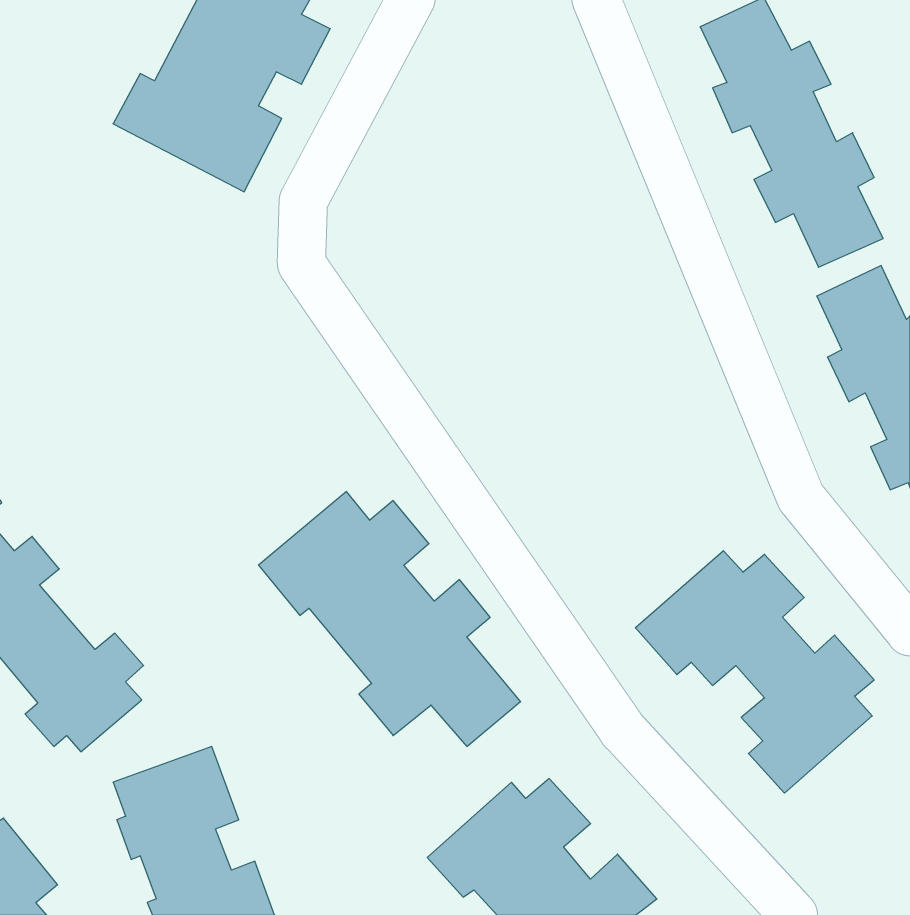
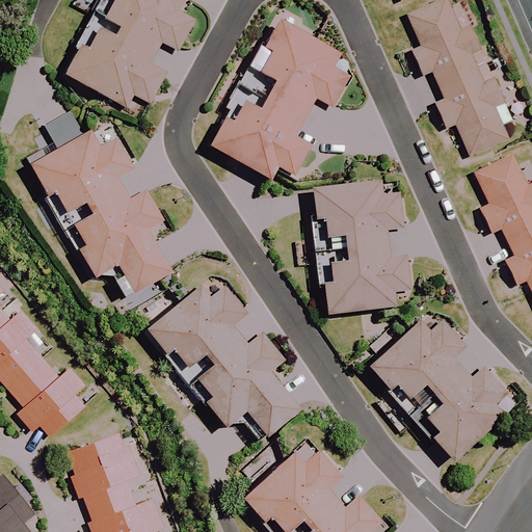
building: none -> [213,19,348,177]
building: none -> [32,128,171,292]
building: none -> [314,179,408,314]

